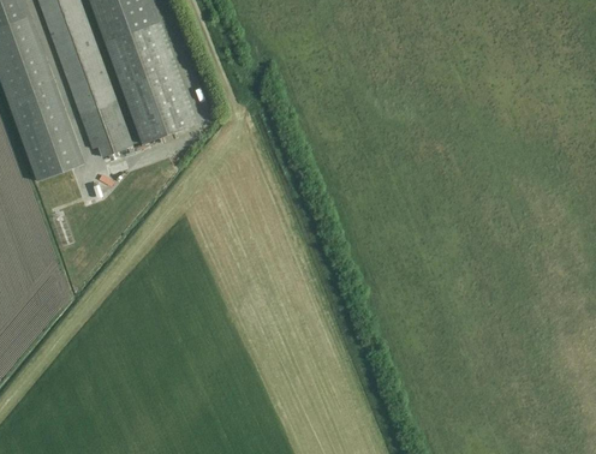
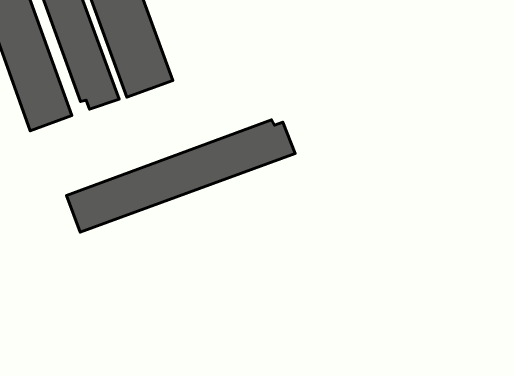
building: none -> [67,120,295,232]

